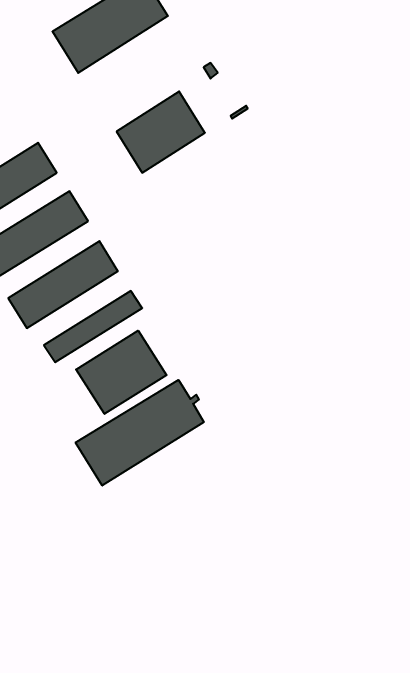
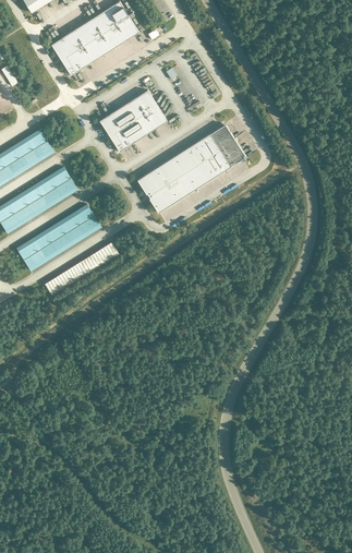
building: none -> [136,124,244,213]
building: [76,331,167,414] -> none
building: [76,380,204,486] -> none

